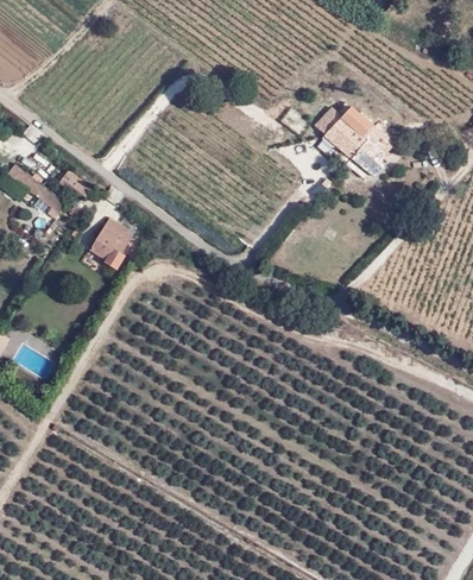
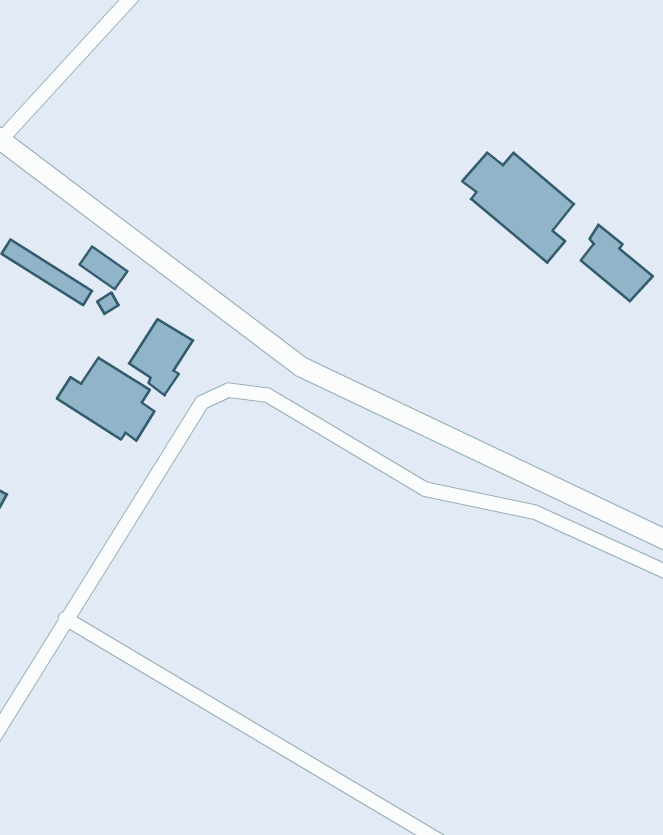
building: none -> [581,225,653,301]
building: none -> [57,358,154,441]

